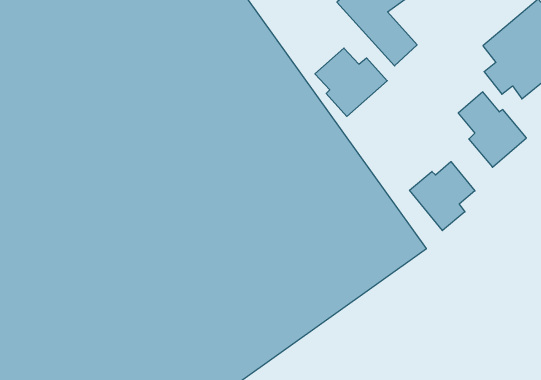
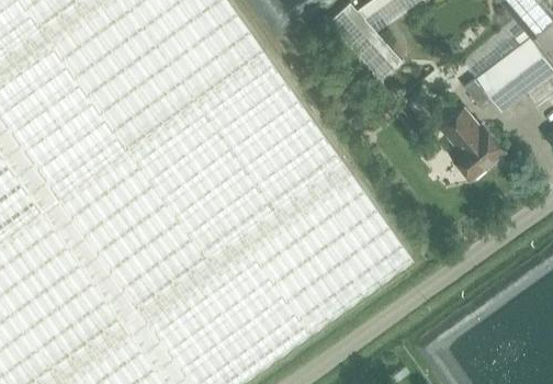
building: [315,48,387,116] -> none
building: [410,162,475,231] -> none

